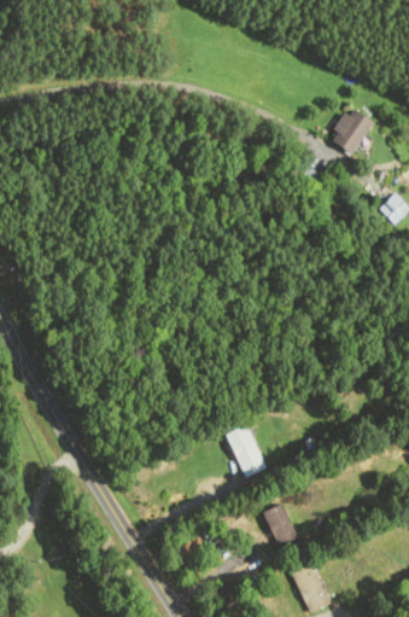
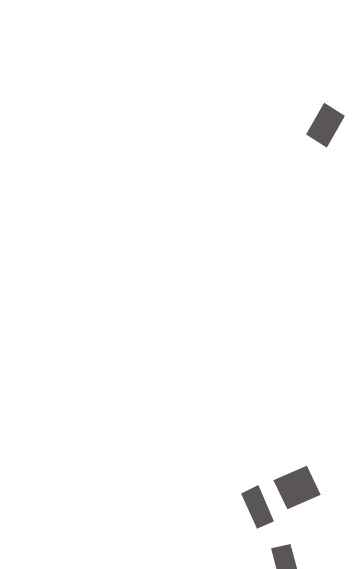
building: [226,425,264,477] -> none
building: none -> [273,465,322,510]

